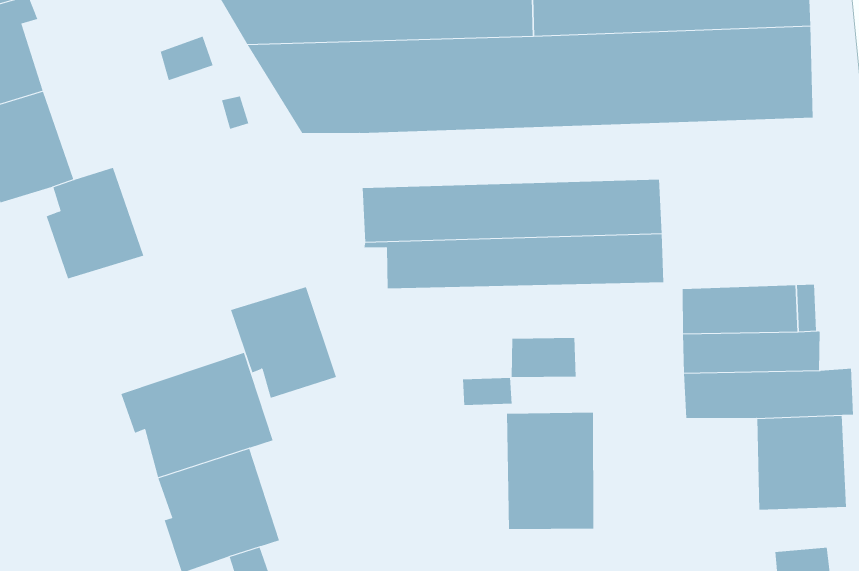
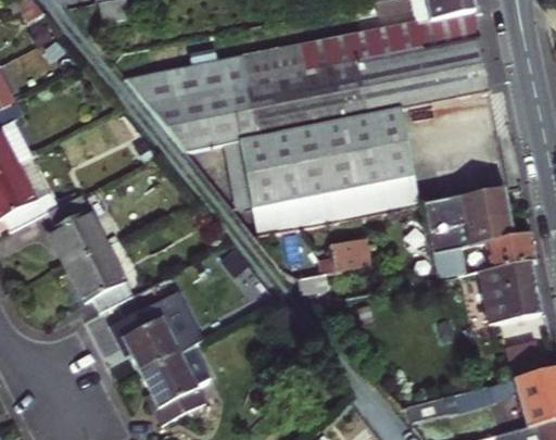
building: none -> [222,111,401,176]
building: [230,287,337,398] -> [65,236,134,304]
building: [506,412,594,530] -> none

